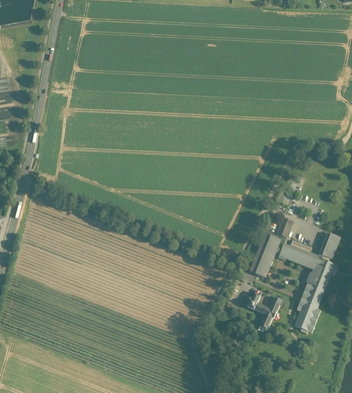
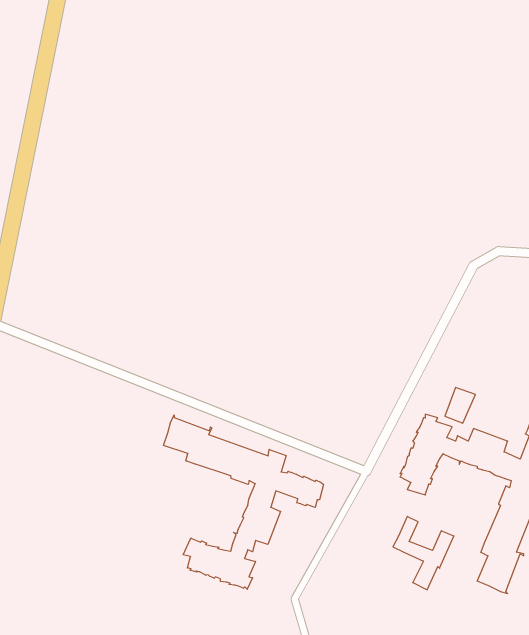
building: none -> [164,415,324,589]

